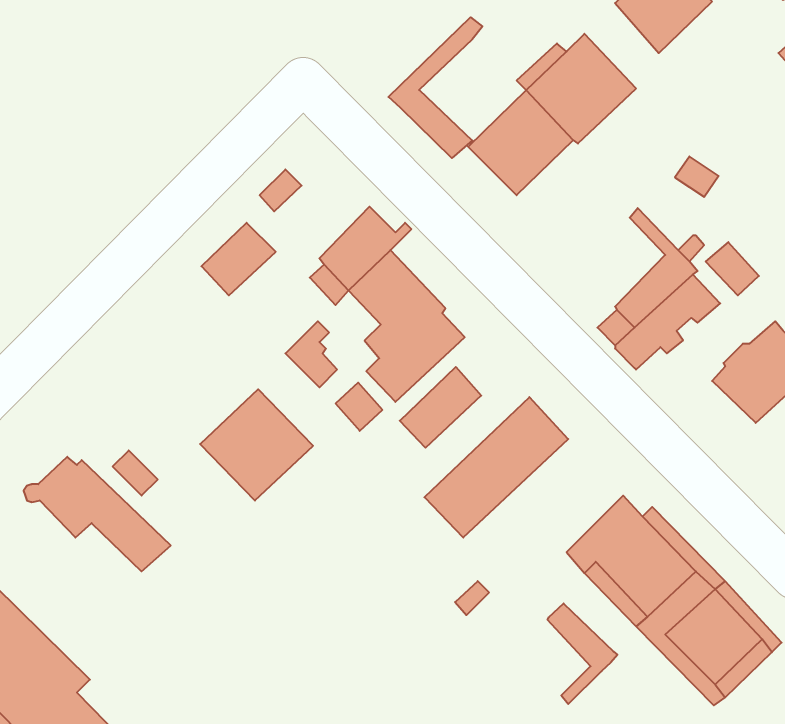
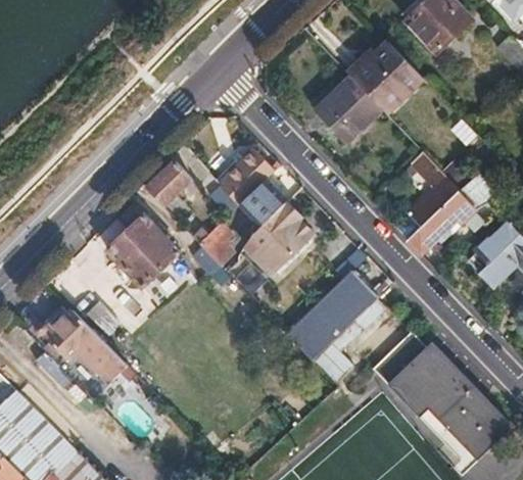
building: [388,17,482,158] -> none
building: [400,367,481,448] -> none
building: [200,389,313,501] -> [106,215,178,286]
building: [548,603,617,704] -> none

